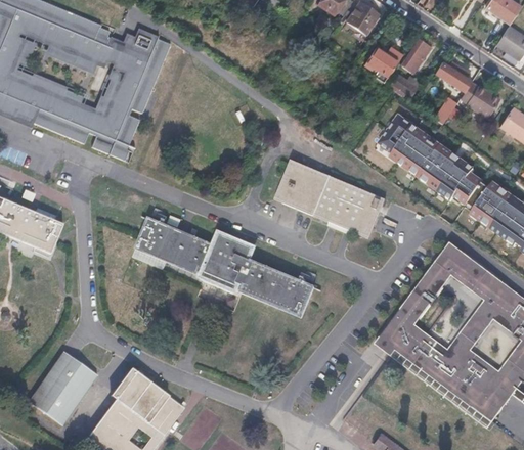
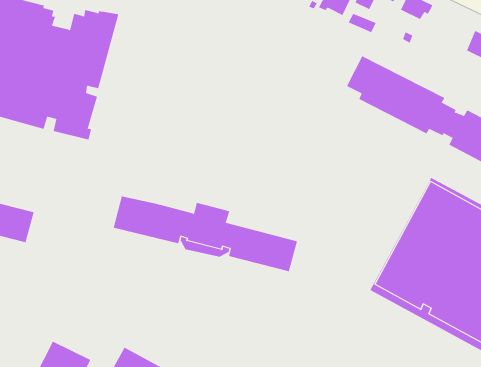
building: [463,81,501,117] -> none
building: [274,160,385,239] -> none

